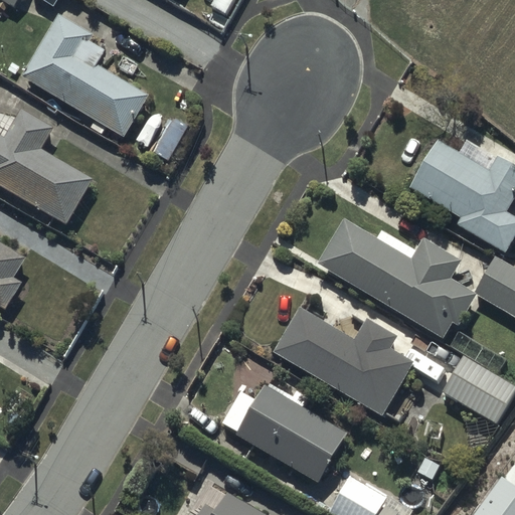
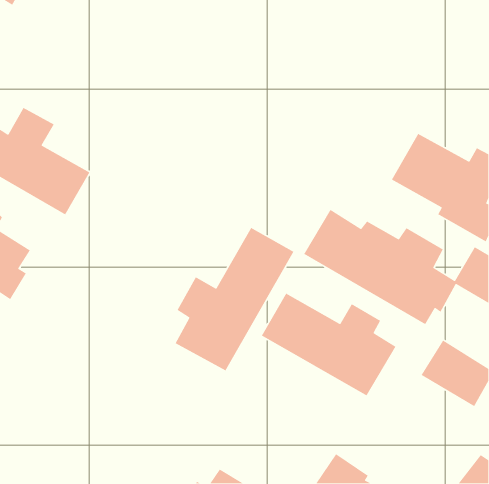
building: [21,13,146,134] -> none
building: none -> [175,227,295,372]
building: [219,384,347,483] -> none

